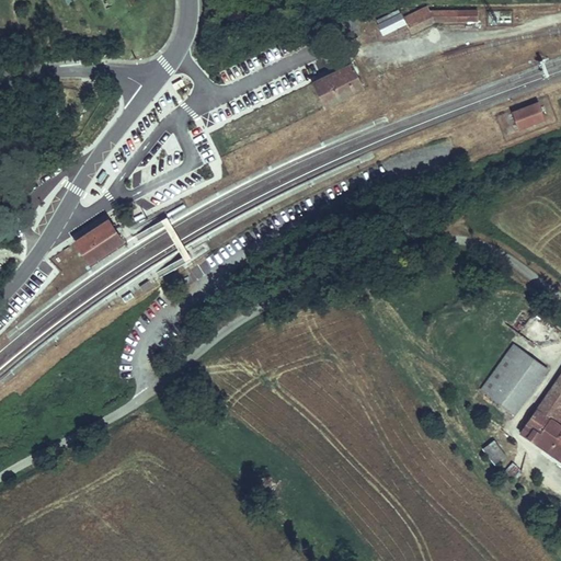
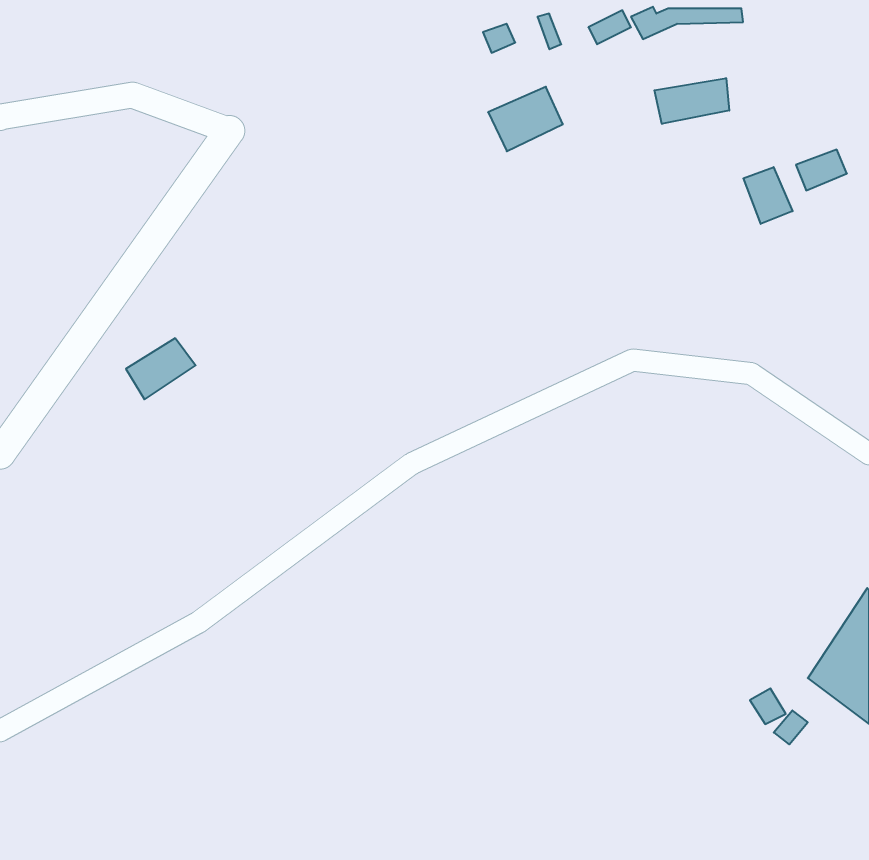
building: none -> [654,78,729,124]
building: none -> [743,167,793,224]
building: [485,347,547,421] -> none

